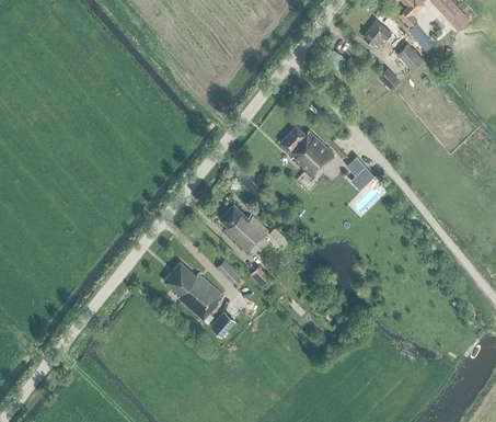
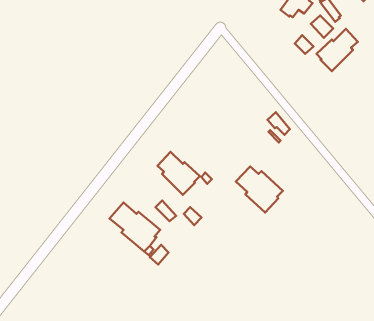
building: none -> [316,29,358,71]
building: [279,126,334,180] -> [236,166,283,213]

